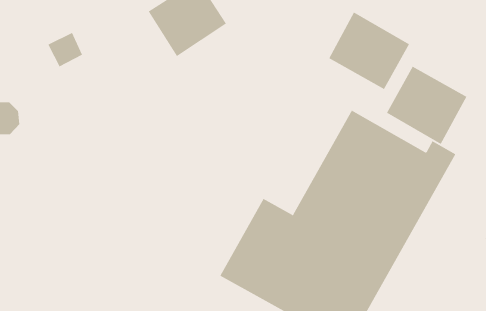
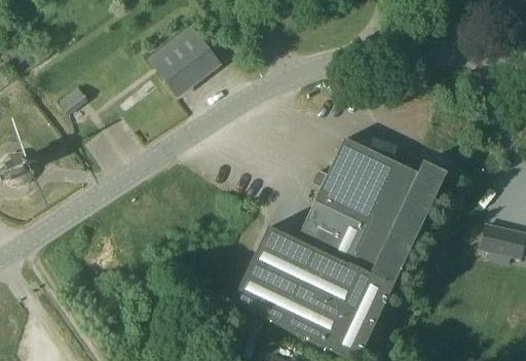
building: [329,12,410,90] -> none
building: [386,66,467,145] -> none

